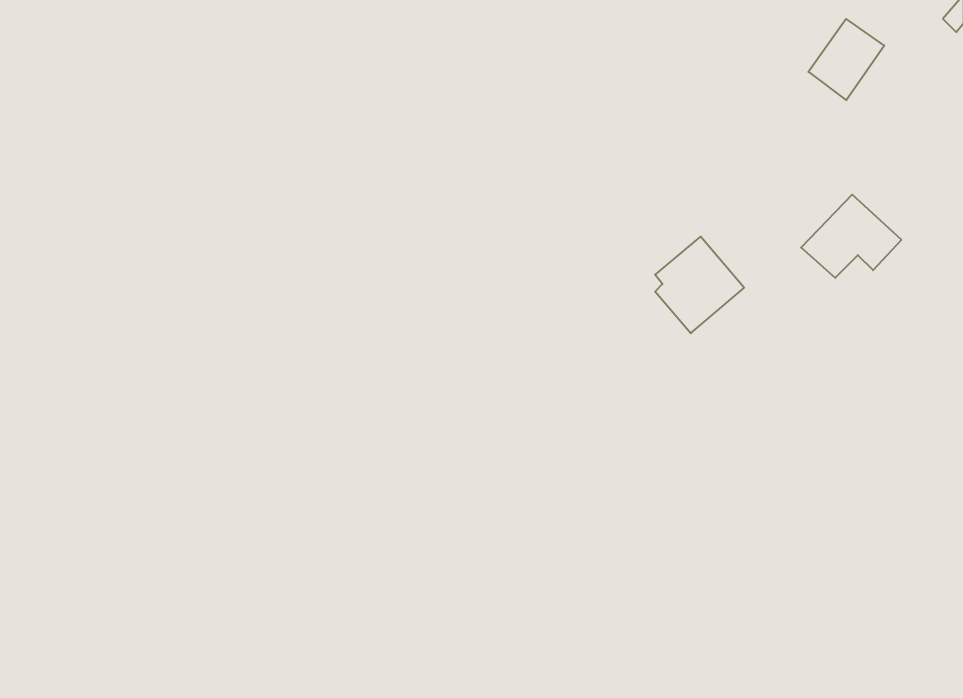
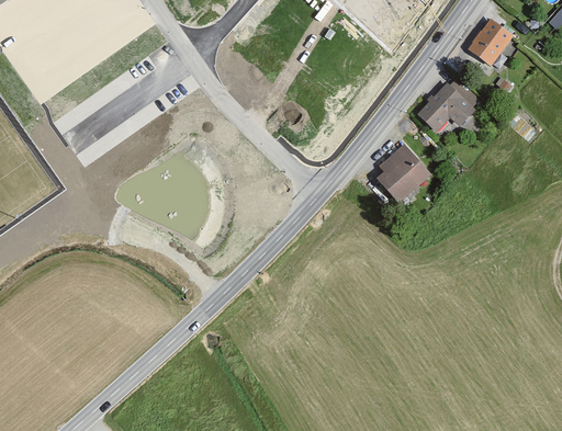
building: [801,195,901,278] -> [418,82,476,131]

